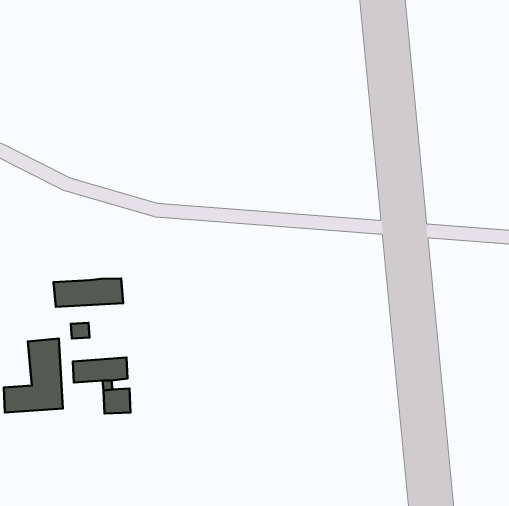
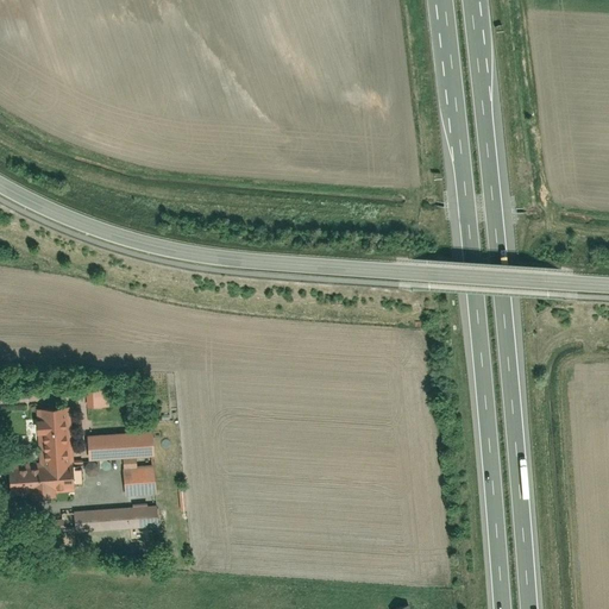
building: [54,279,123,307] -> none
building: none -> [80,506,158,533]

